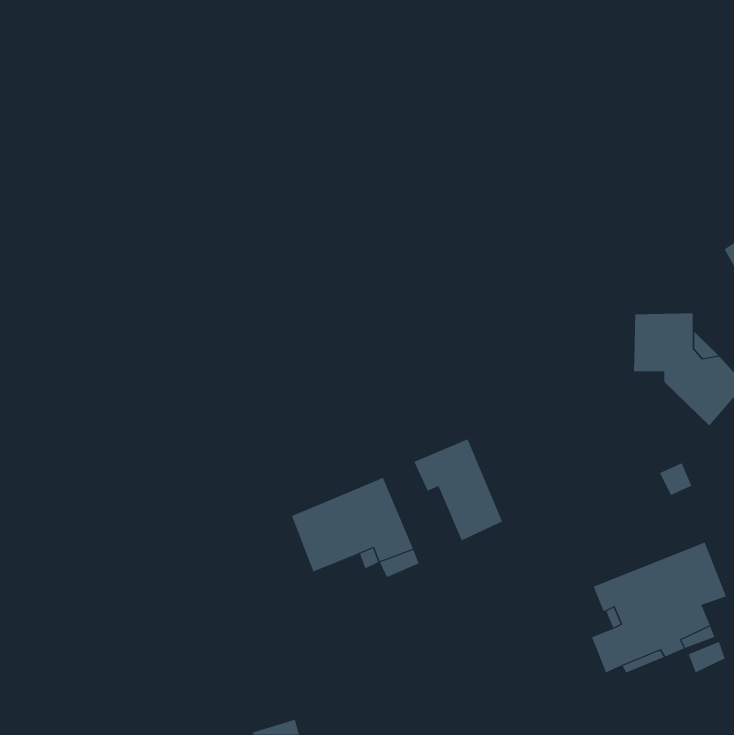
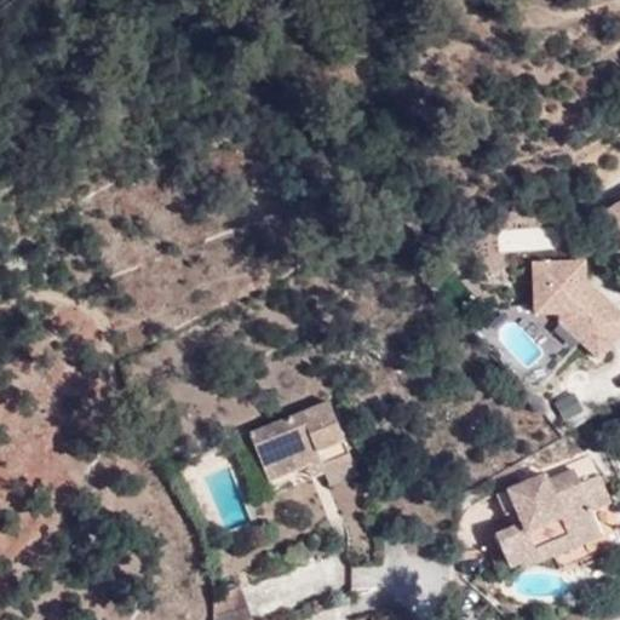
building: [414,439,503,541] -> none

